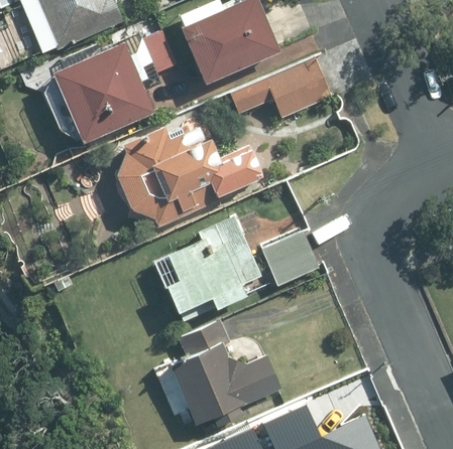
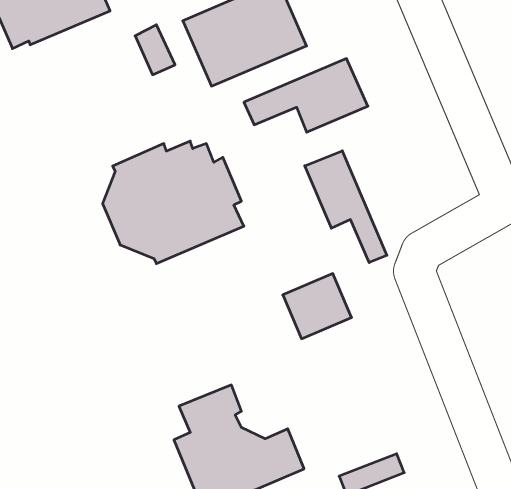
building: [56,42,155,141] -> none
building: none -> [305,151,387,263]
building: [169,218,259,322] -> none

